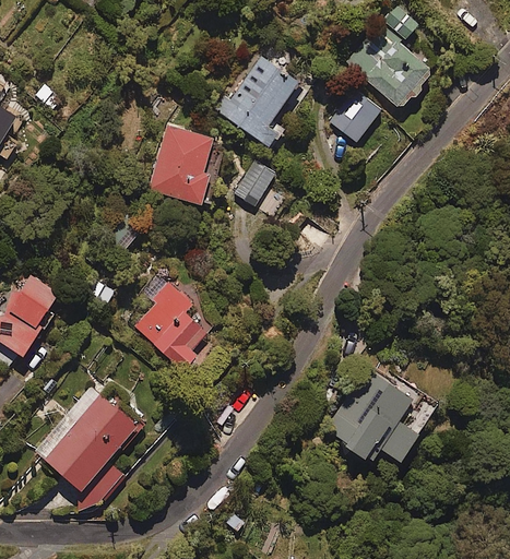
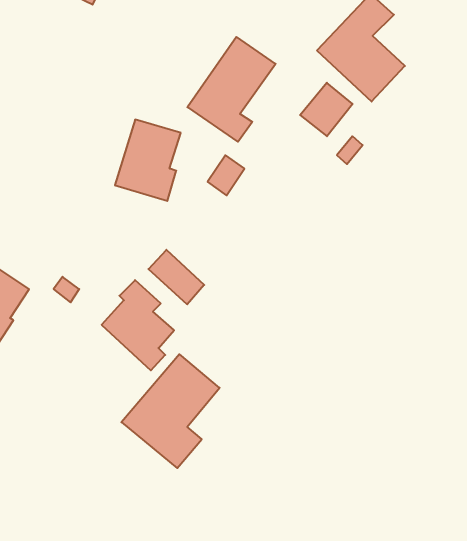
building: none -> [148,250,204,304]
building: [327,368,416,465] -> none
building: [47,391,143,502] -> [121,354,220,468]

